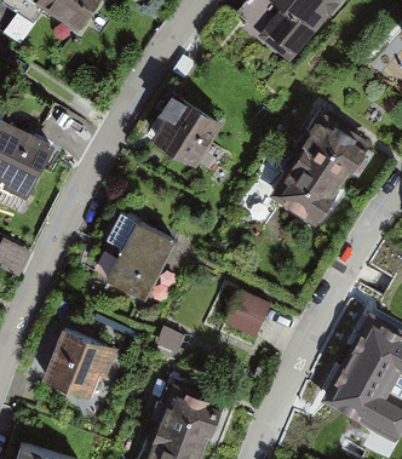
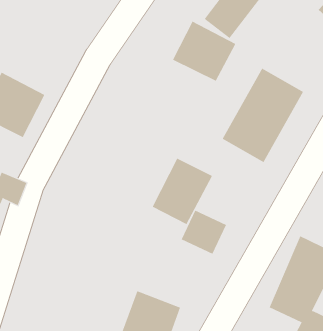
building: [147,96,224,170] -> [172,21,236,82]
building: [105,222,179,303] -> [152,158,213,225]
building: [45,331,121,401] -> none

